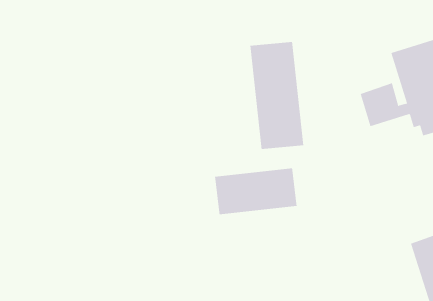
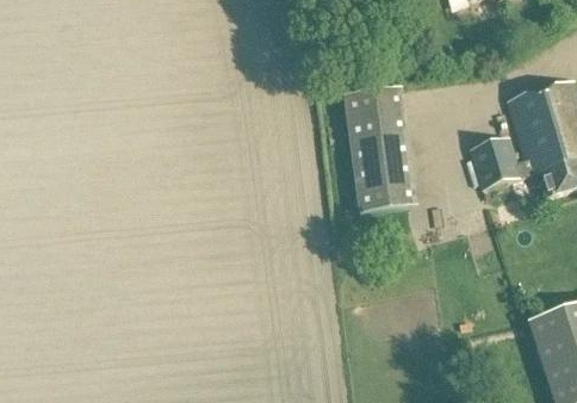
building: [214,167,297,215] -> none

